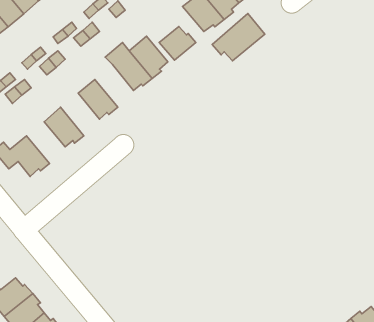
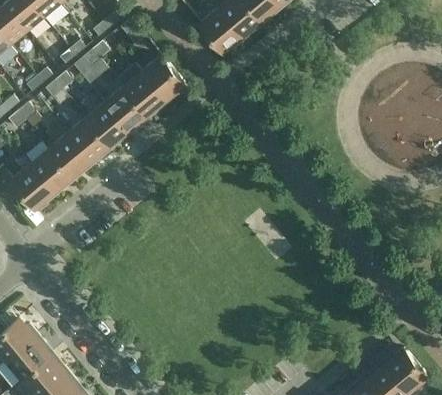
building: [212,14,265,61] -> none
building: [159,27,196,60] -> none
building: none -> [104,86,146,132]
building: none -> [67,117,109,163]
building: none -> [30,148,72,193]

